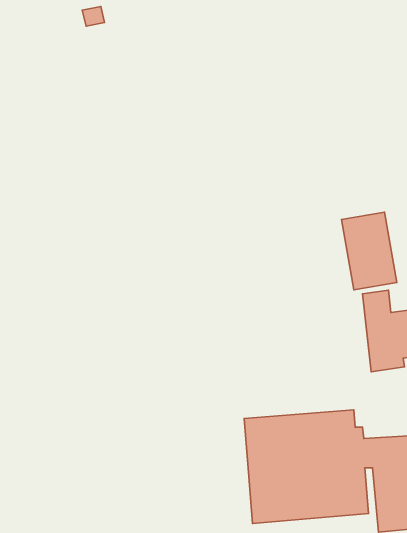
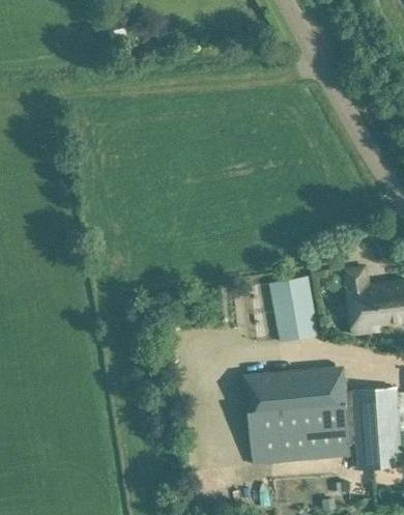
building: [341,212,397,290] -> [271,277,318,342]

